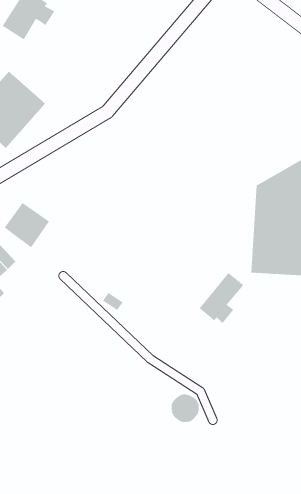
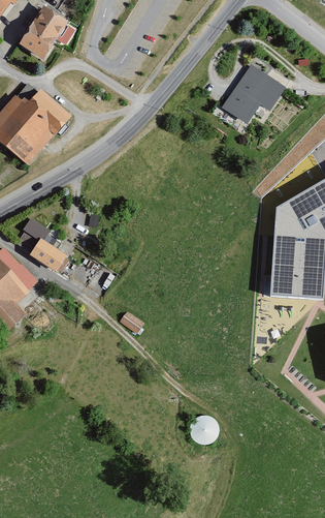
building: none -> [213,53,284,127]
building: [199,272,244,324] -> none

